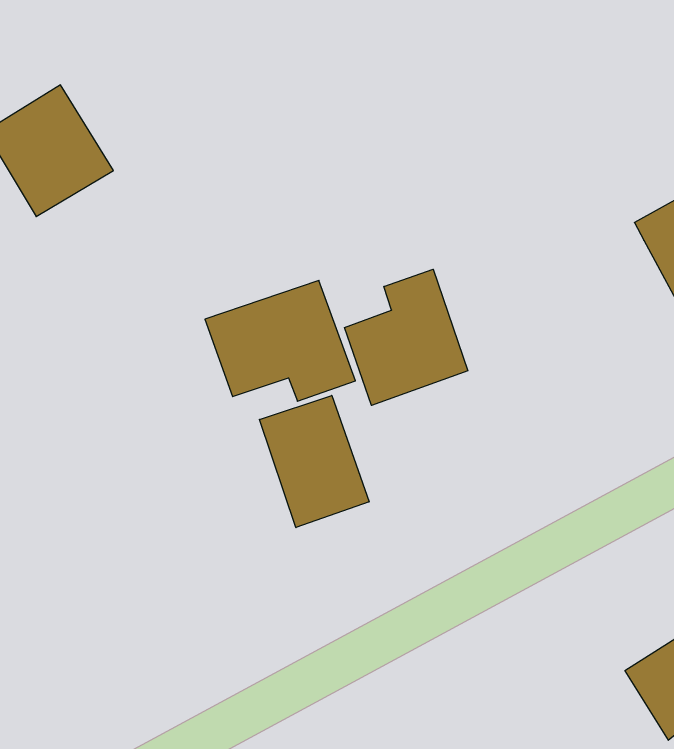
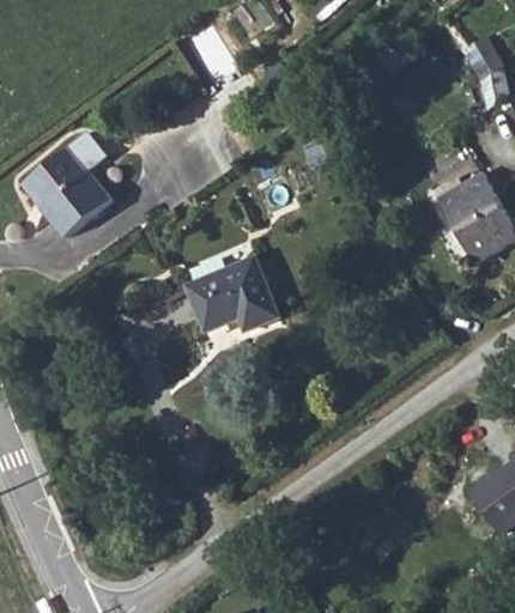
building: [345,269,468,405] -> none
building: [259,395,369,528] -> none

